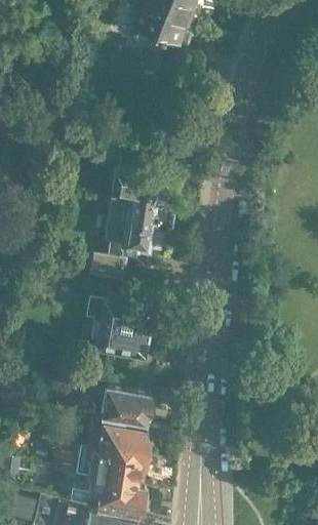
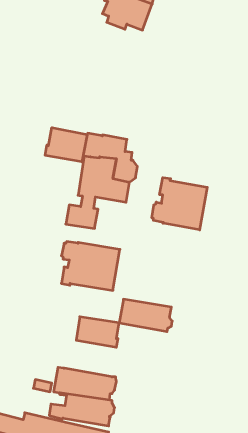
building: none -> [45,128,87,162]
building: none -> [152,178,207,230]
building: [87,418,150,456] -> [119,299,172,332]

